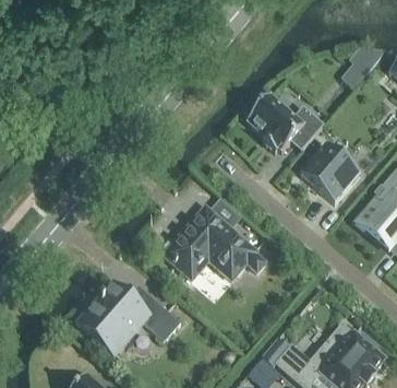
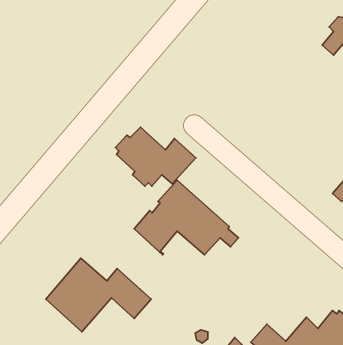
building: [246,94,324,151] -> [116,127,196,186]
building: [300,142,360,202] -> none

